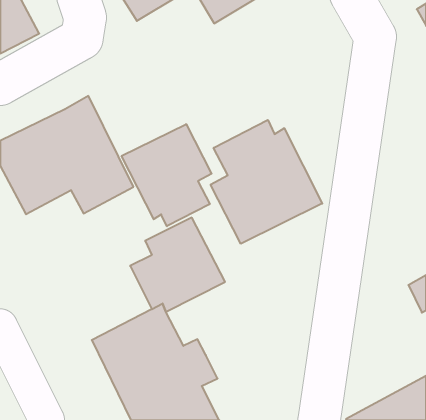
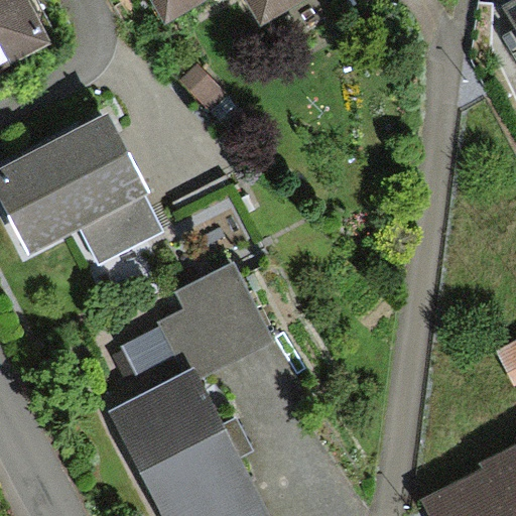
building: [211,120,322,244] -> none
building: [122,124,212,226] -> none

